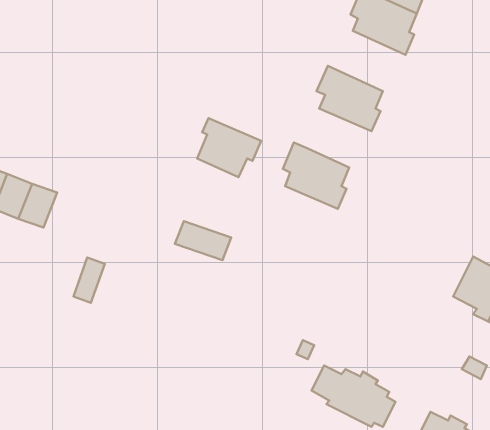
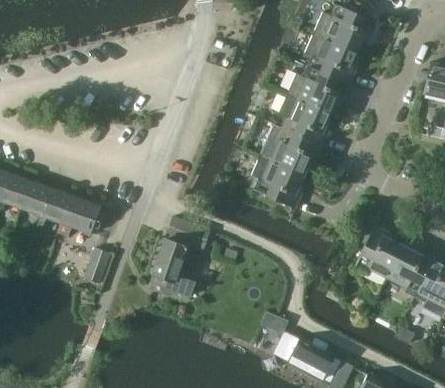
building: none -> [287,65,349,113]
building: [197,118,261,177] -> [271,127,322,174]
building: none -> [57,194,101,235]
building: none -> [354,225,403,277]
building: none -> [150,239,194,296]

